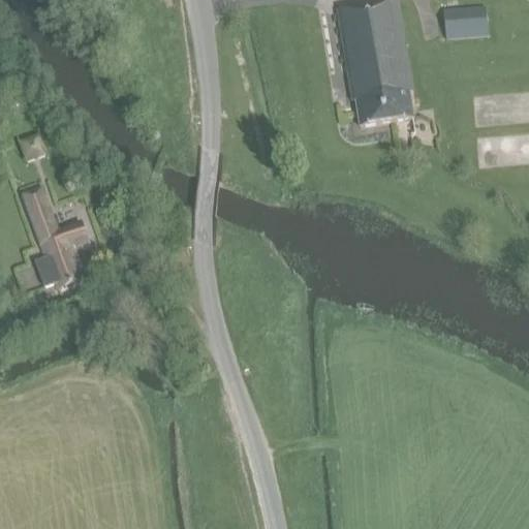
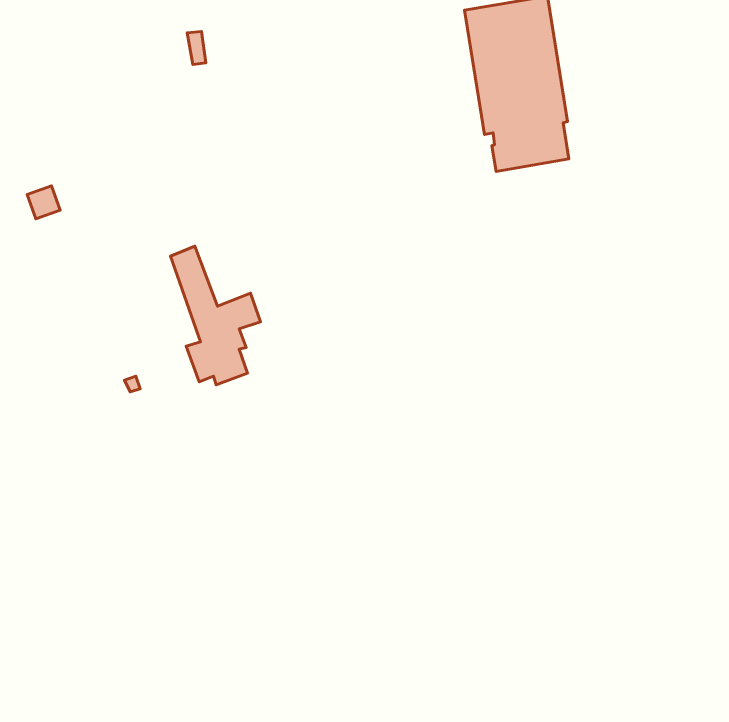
building: [443,4,488,36] -> none
building: [24,185,89,285] -> [170,246,261,385]

